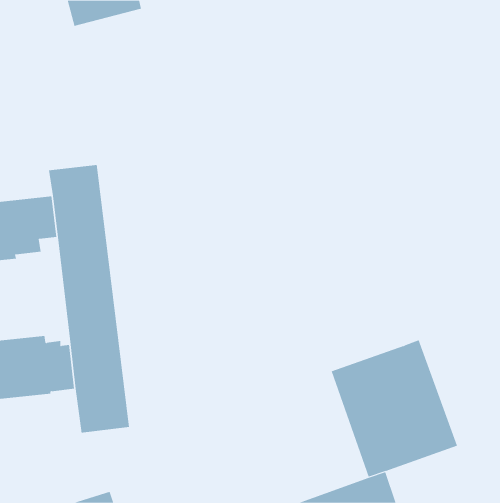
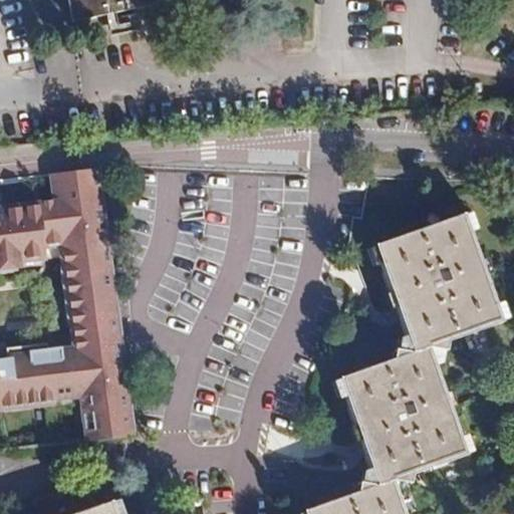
building: none -> [373,214,502,352]

